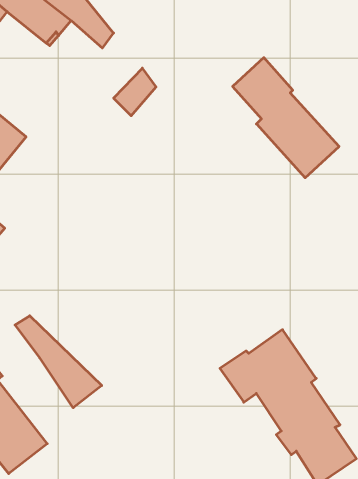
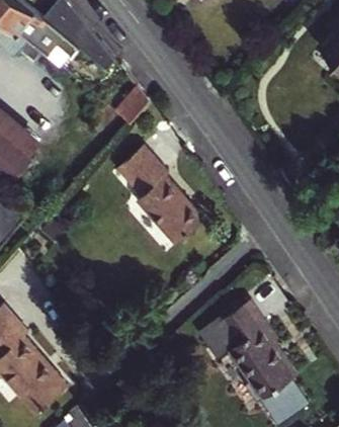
building: [233,58,339,178] -> [119,151,205,248]
building: [15,316,102,408] -> none

